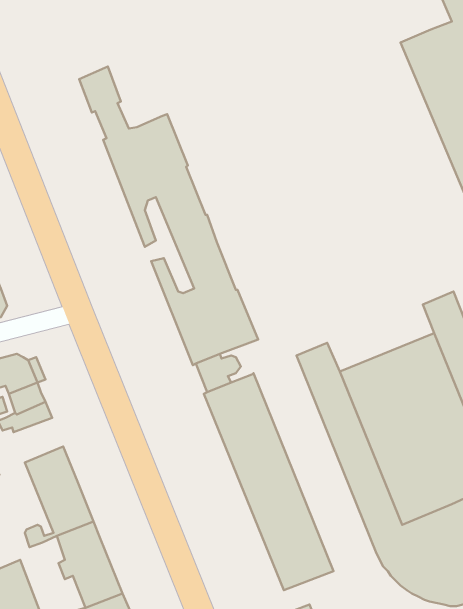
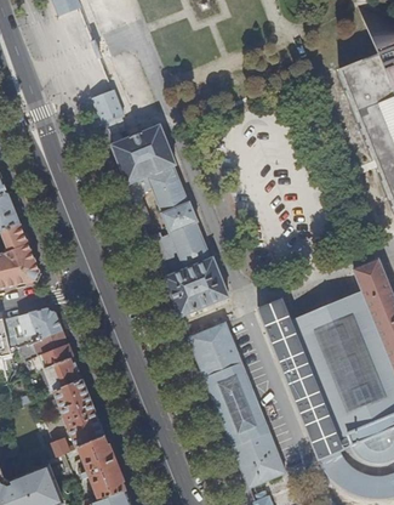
building: none -> [41,356,81,392]

